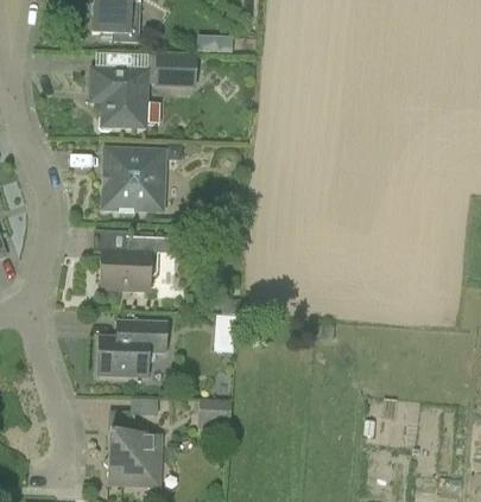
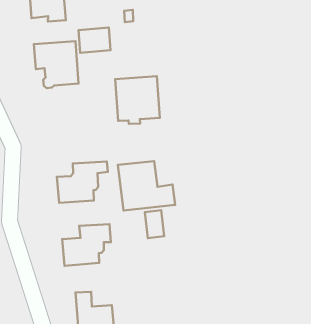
building: [105,148,164,212] -> [115,76,160,124]
building: none -> [118,161,175,211]
building: [197,399,229,426] -> none

